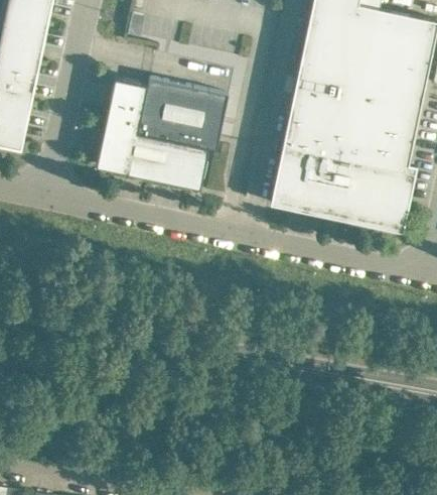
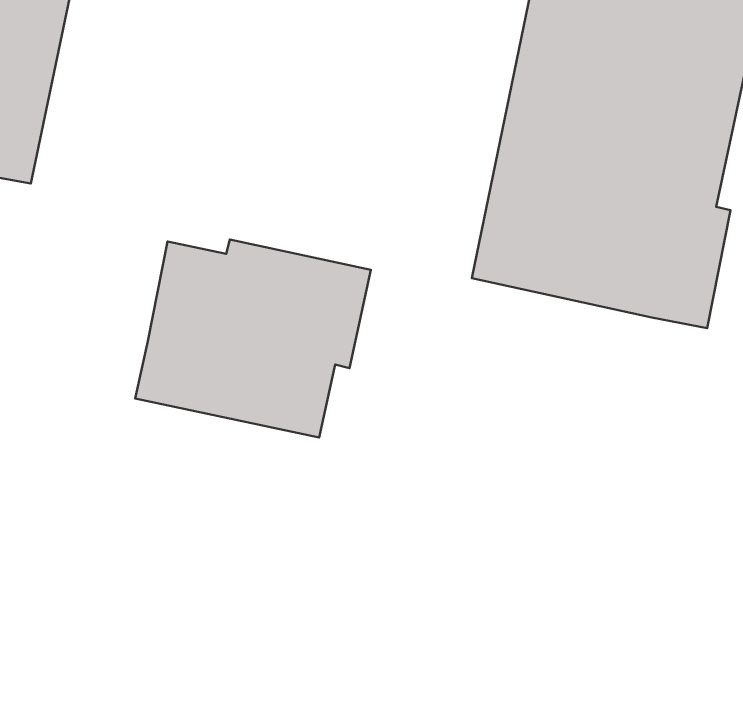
building: [96,79,229,191] -> [135,240,371,438]

